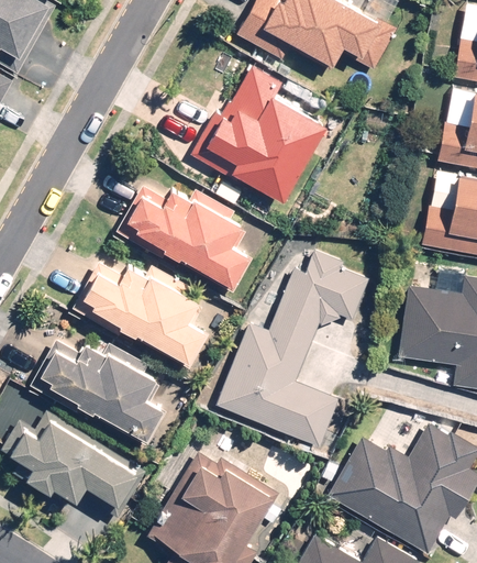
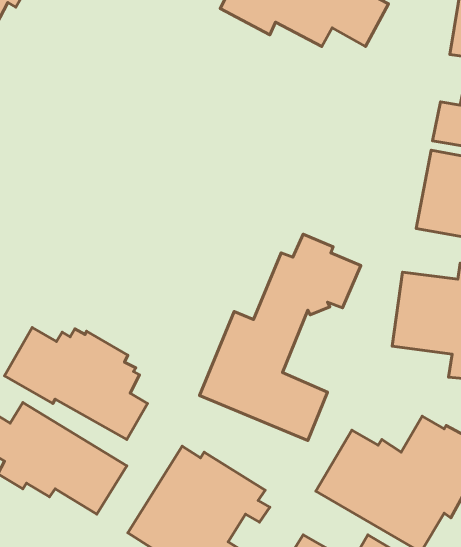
building: [190,66,324,200] -> none
building: [115,186,253,292] -> none
building: [71,262,209,368] -> none

